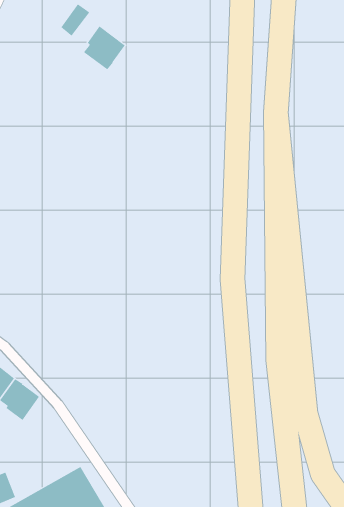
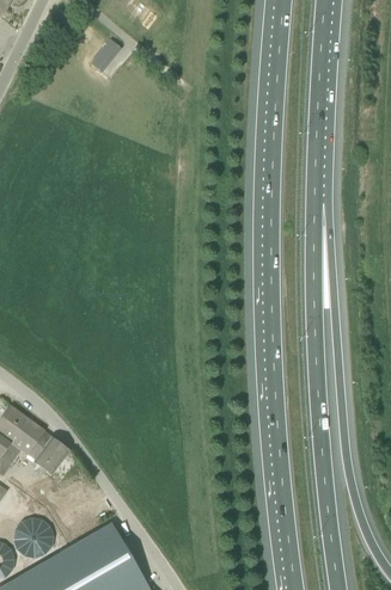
building: [83,26,126,70] -> none

